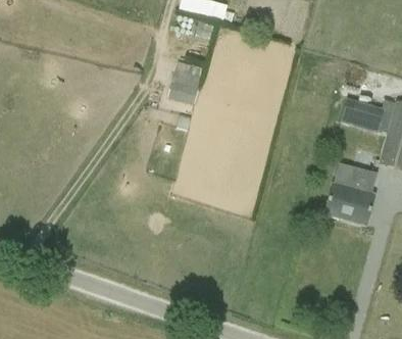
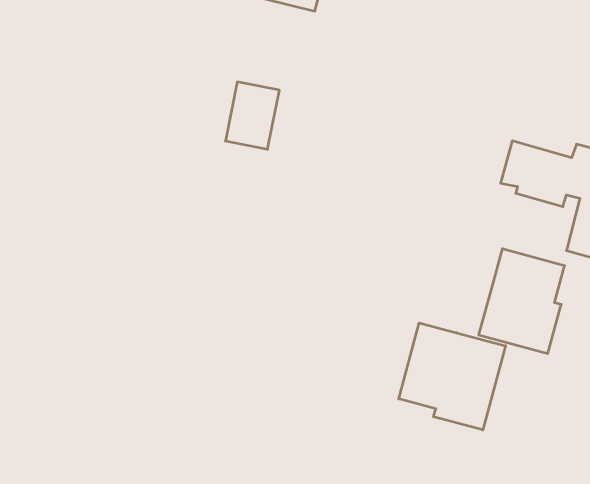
building: none -> [399,323,506,430]

